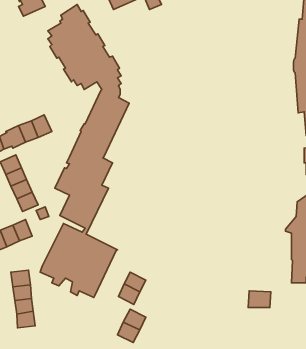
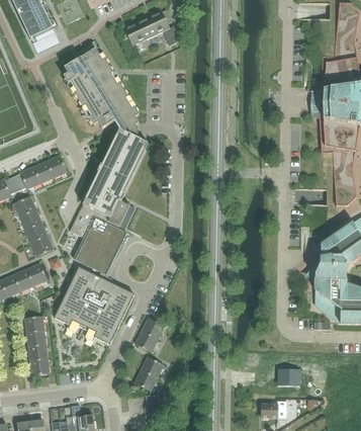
building: [248,291,271,307] -> [277,368,300,385]

